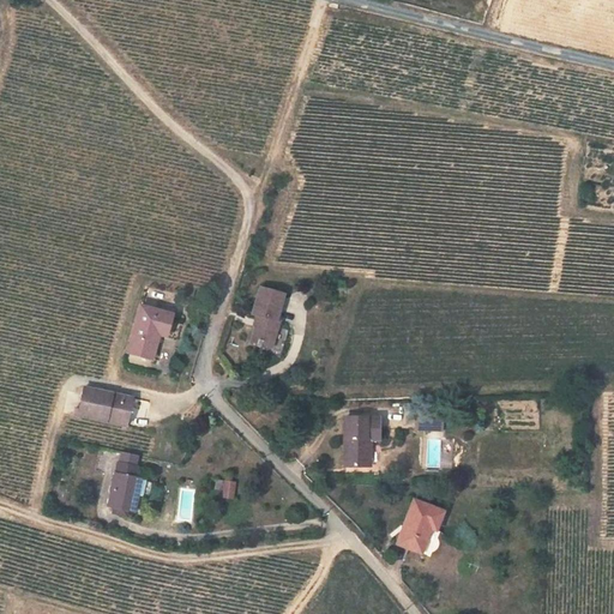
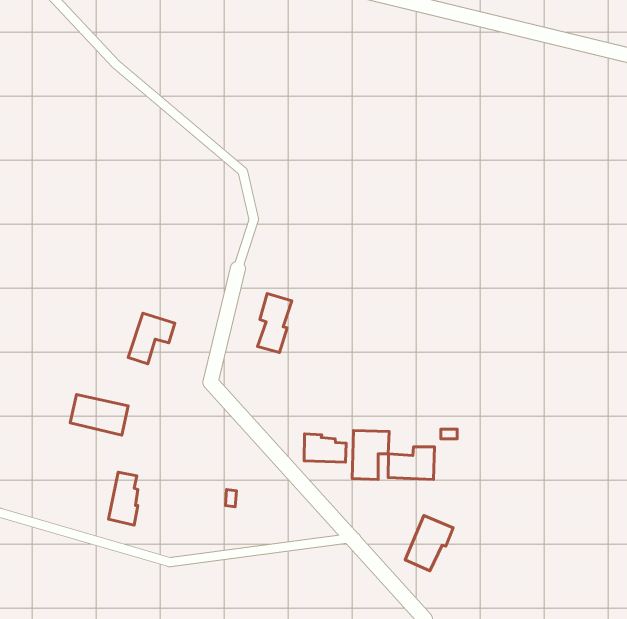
building: none -> [304,434,346,462]
building: none -> [388,447,435,479]

